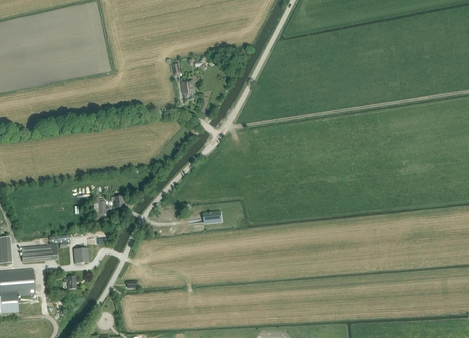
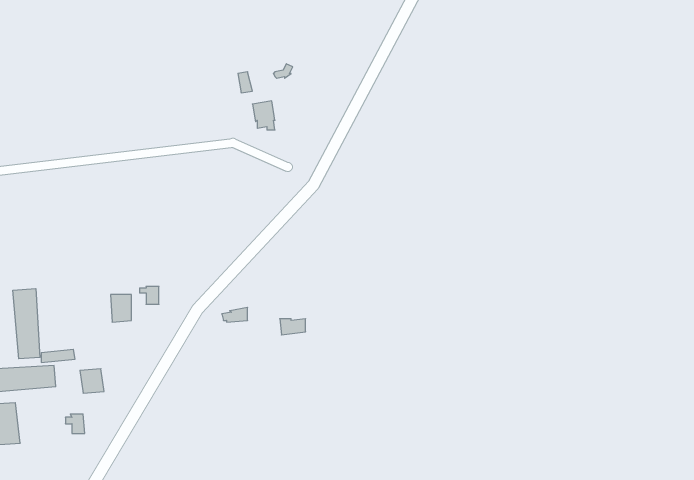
building: none -> [13,289,40,359]

